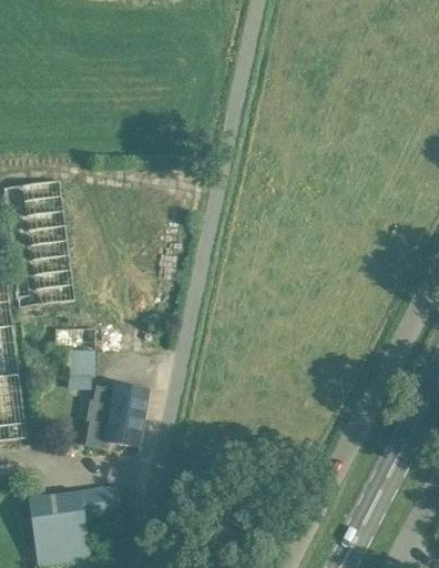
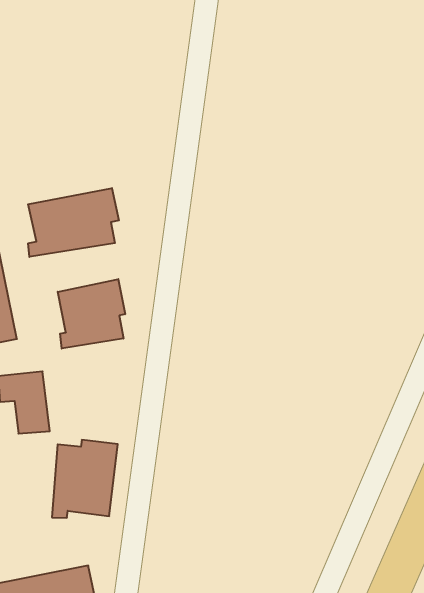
building: none -> [28,188,119,257]
building: none -> [58,279,125,349]

